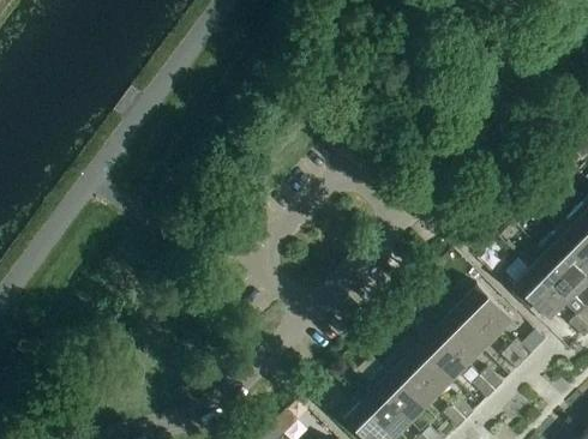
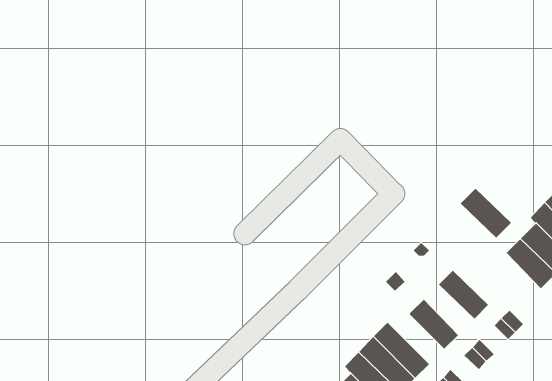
building: [461,285,512,336] -> [460,188,512,239]
building: [432,315,482,366] -> none
building: [396,338,452,395] -> none

